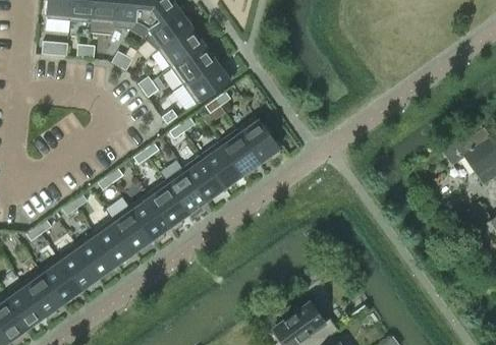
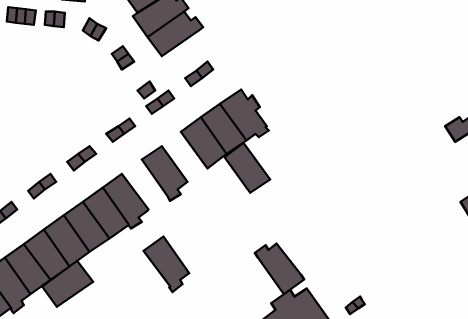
building: [183,63,233,105] -> none
building: [183,156,225,202] -> [225,143,270,193]
building: [147,181,188,232] -> [144,236,189,292]
building: none -> [255,244,304,294]
building: none -> [42,261,93,307]

